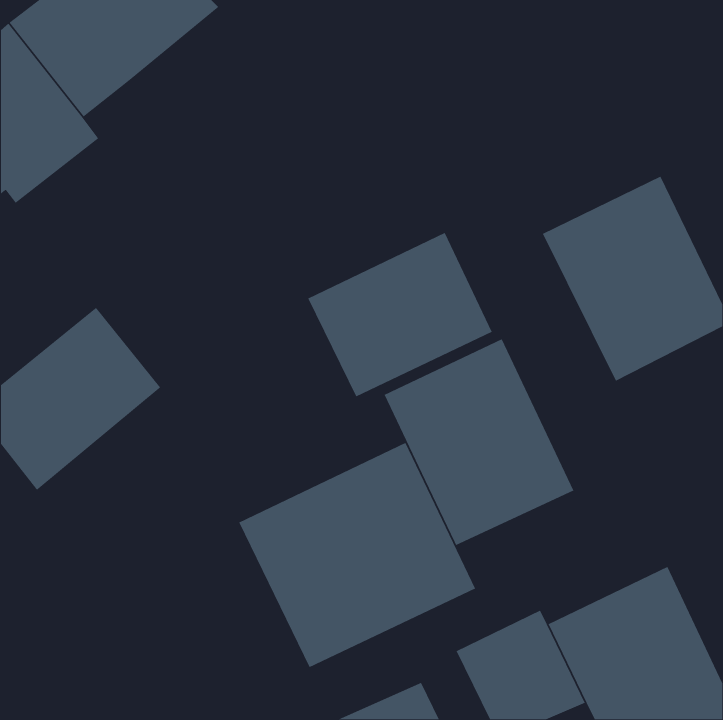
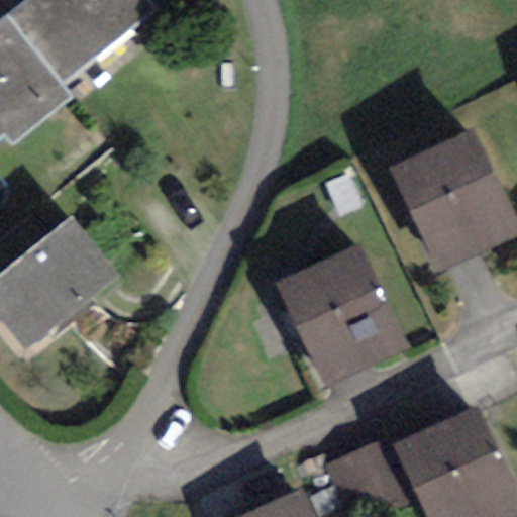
building: [307,232,493,397] -> none
building: [238,442,476,668] -> none

